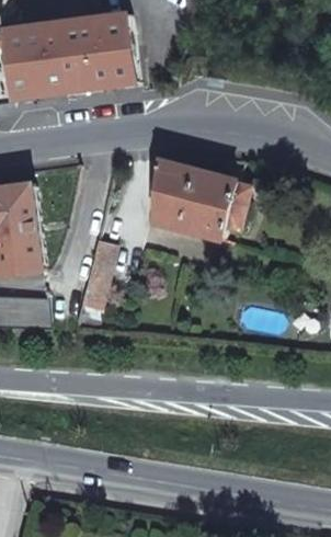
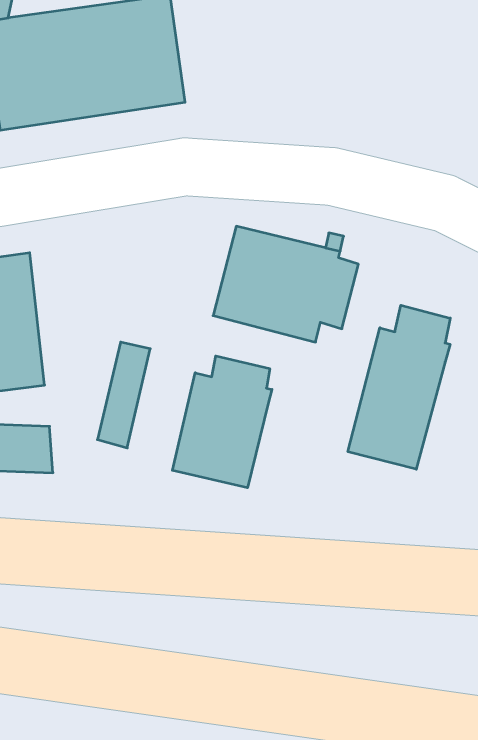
building: none -> [348,305,450,469]
building: none -> [172,356,272,488]

